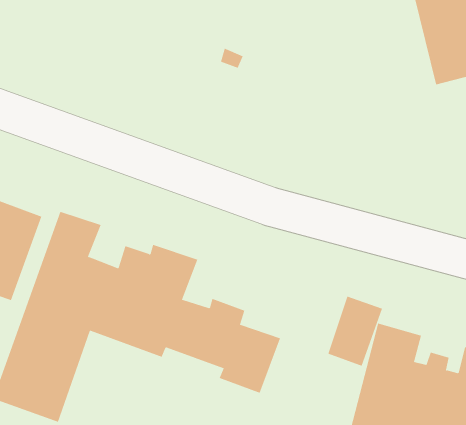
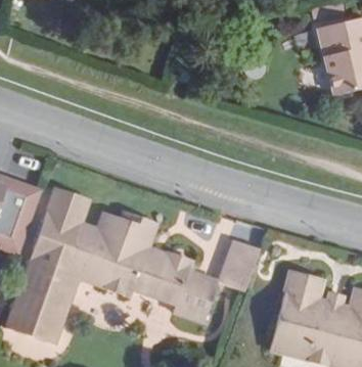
building: [328,296,383,366] -> [219,239,260,291]

